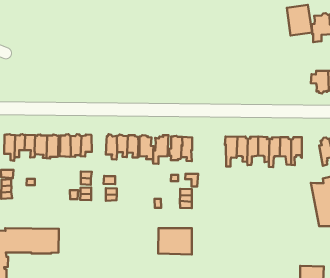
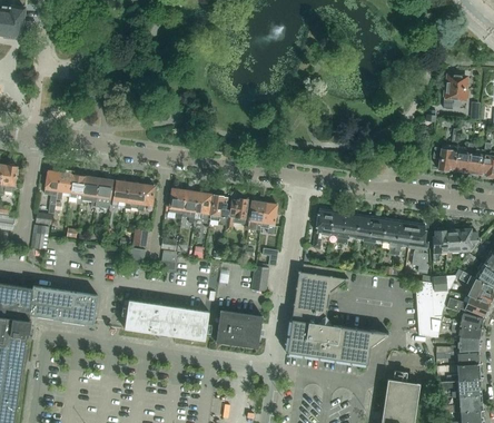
building: [287,5,312,35] -> none
building: none -> [408,223,427,273]
building: none -> [286,264,388,365]
building: none -> [124,299,209,341]

